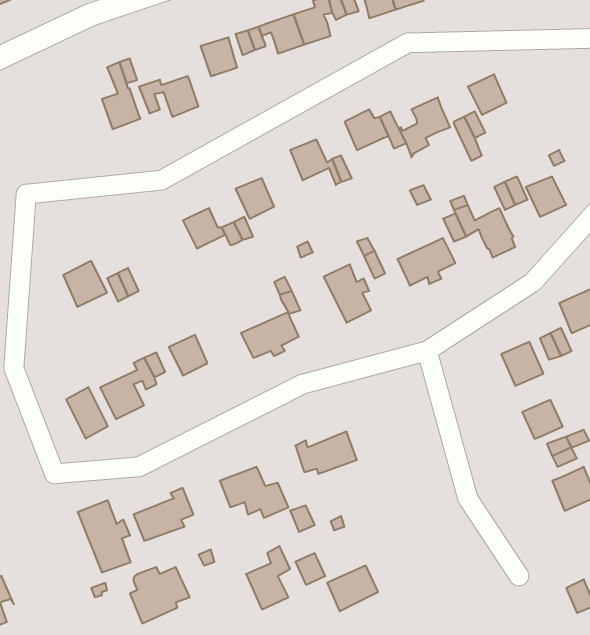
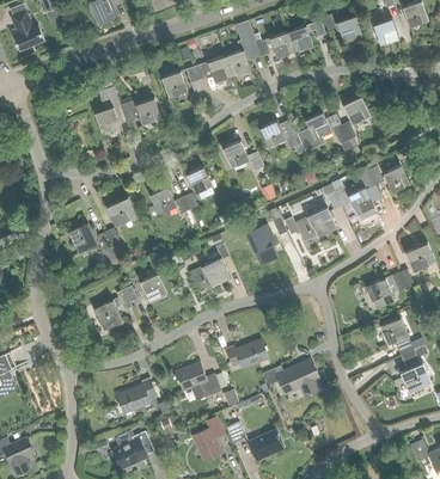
building: none -> [106,197,136,227]
building: [66,387,108,439] -> none
building: none -> [262,361,320,397]
building: [78,500,131,573] -> none

